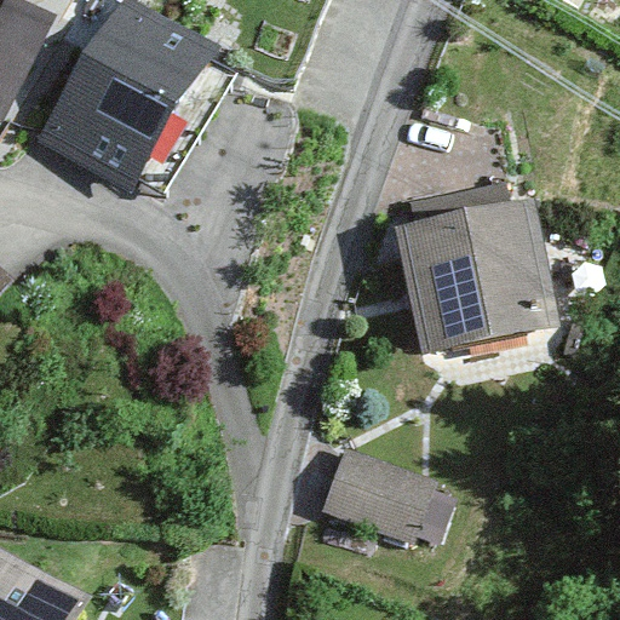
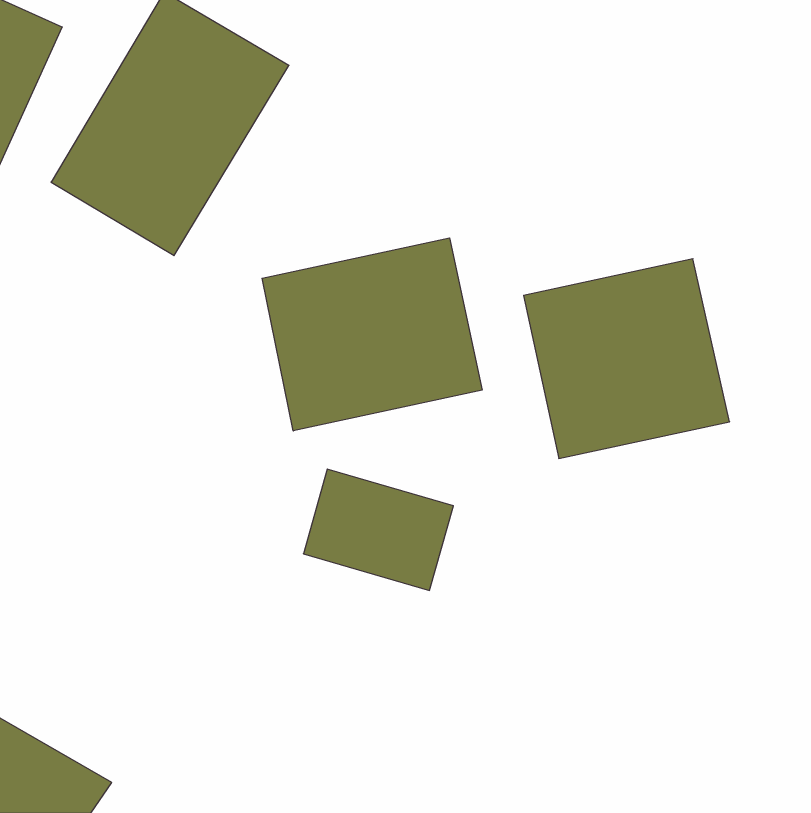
building: none -> [262,238,482,431]
building: [318,459,432,551] -> [303,469,453,590]

